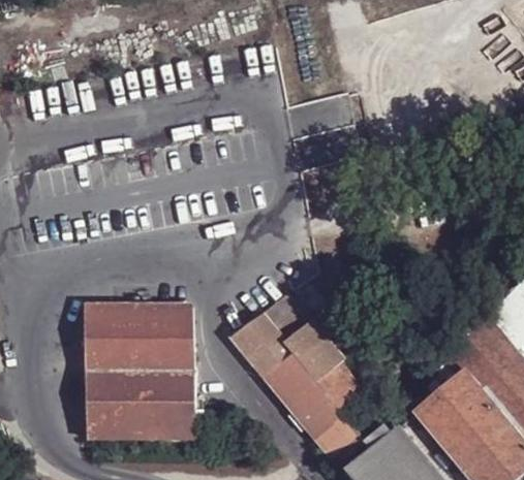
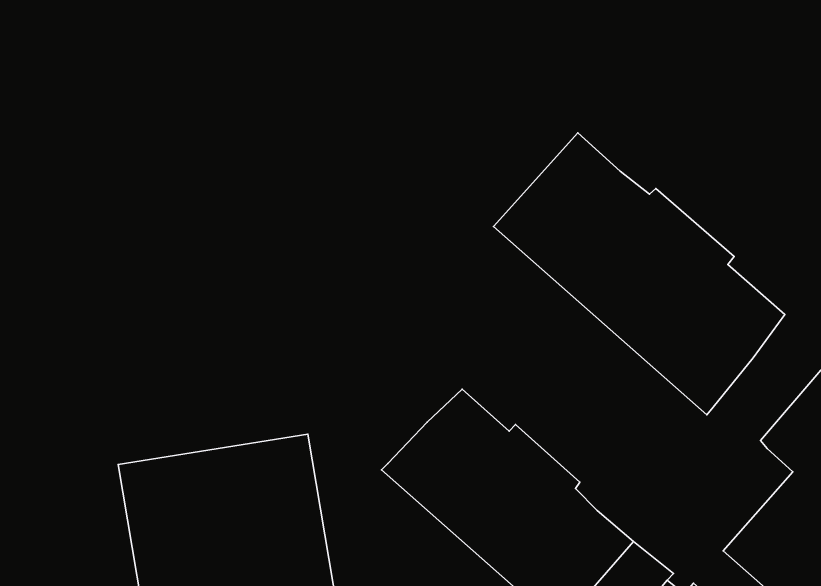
building: none -> [494,133,785,415]

